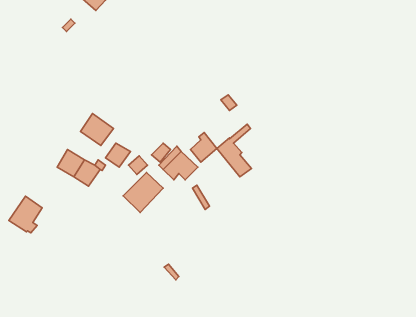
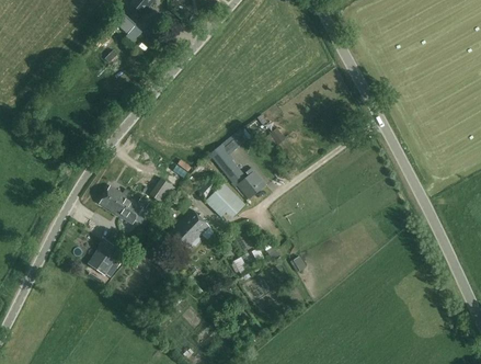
building: [80,114,113,145] -> none
building: [217,124,251,177] -> [209,129,245,184]
building: [9,196,42,233] -> [88,239,123,277]

